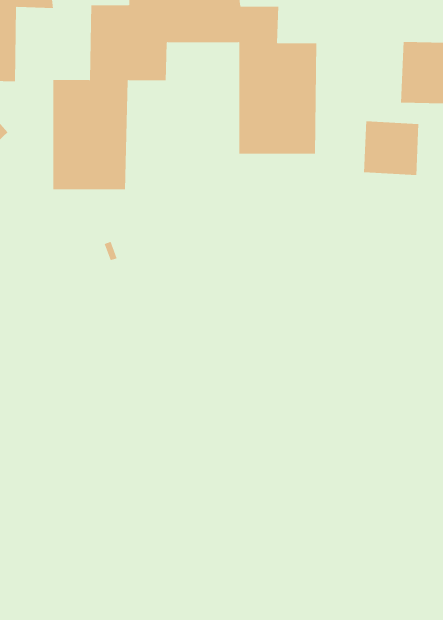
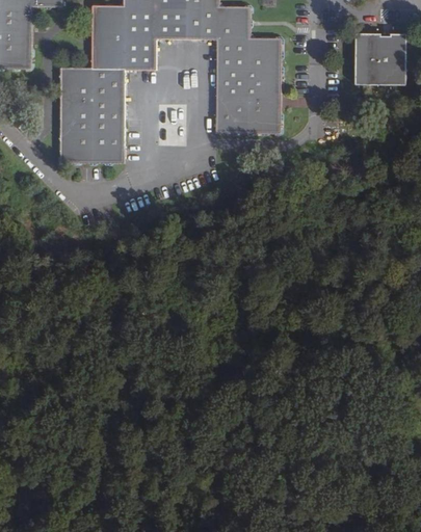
building: [364,121,419,176] -> none

